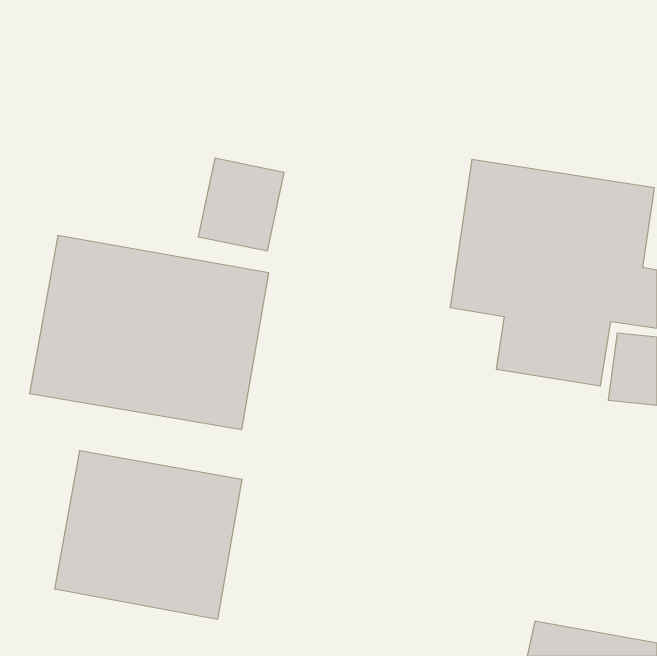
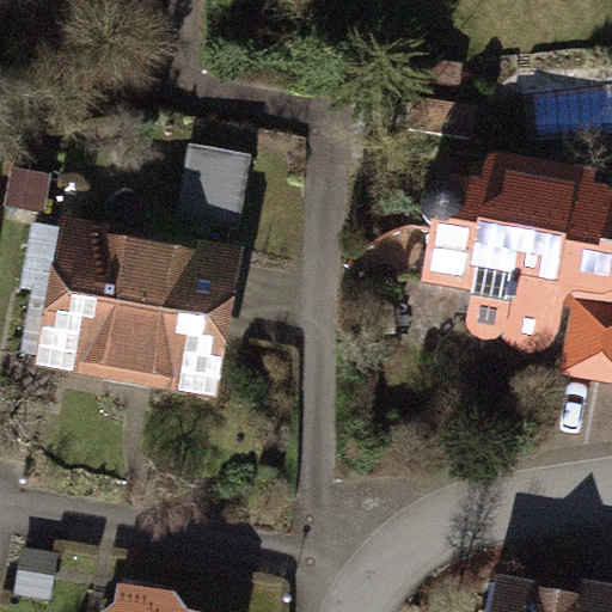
building: [55,450,242,619] -> none

